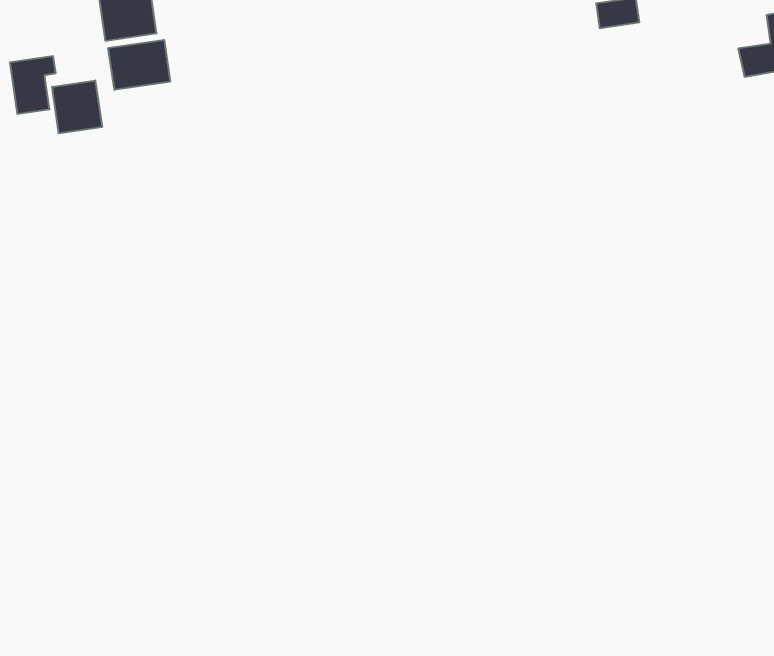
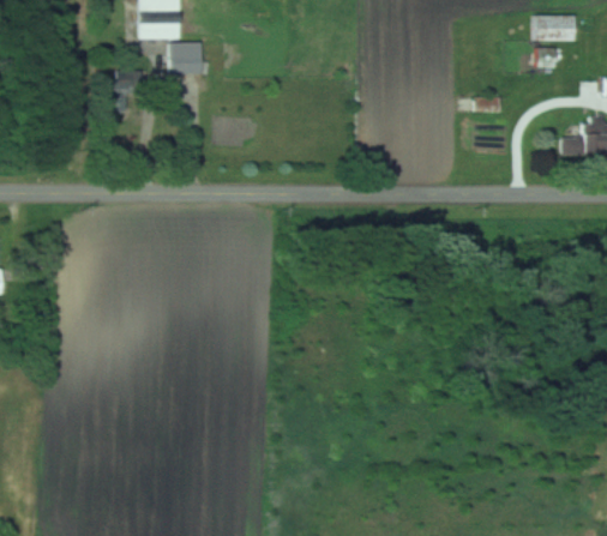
building: [108,40,170,90] -> none
building: [52,80,102,133] -> none

